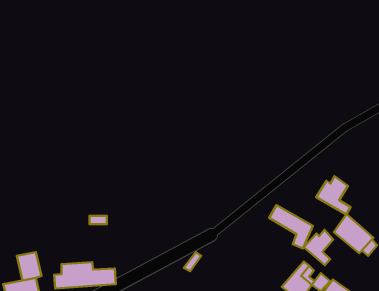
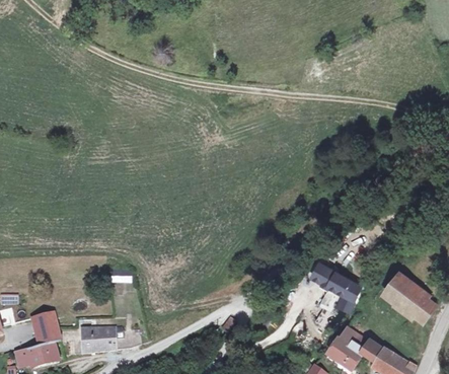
building: [316,176,350,214] -> none
building: [304,230,333,265] -> none

